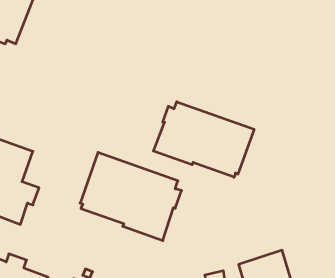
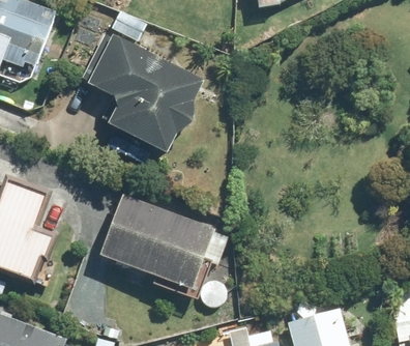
building: none -> [82,34,200,151]
building: [153,102,254,177] -> none

